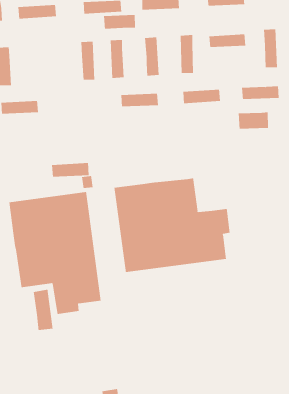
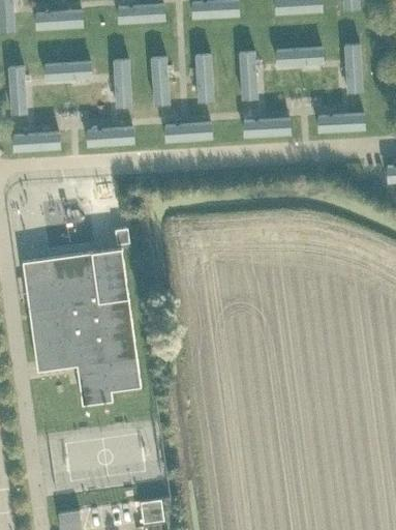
building: [104,14,136,29] -> none
building: none -> [42,60,91,81]
building: [238,112,269,130] -> none
building: [51,162,90,177] -> [85,127,133,146]
building: [114,177,230,273] -> none
building: [33,289,53,331] -> none

